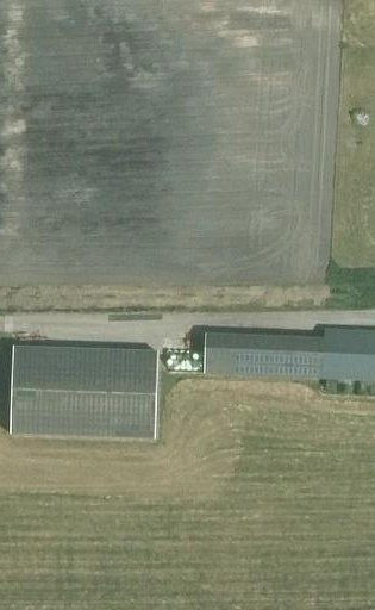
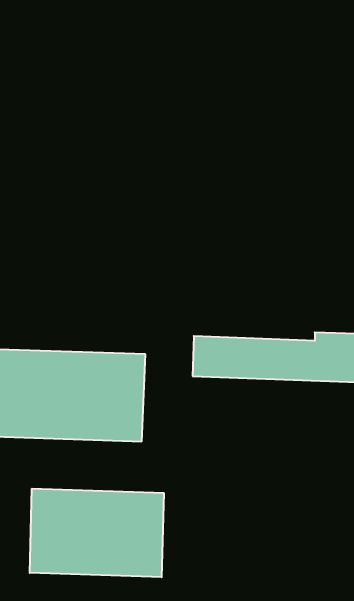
building: none -> [30,489,164,577]

